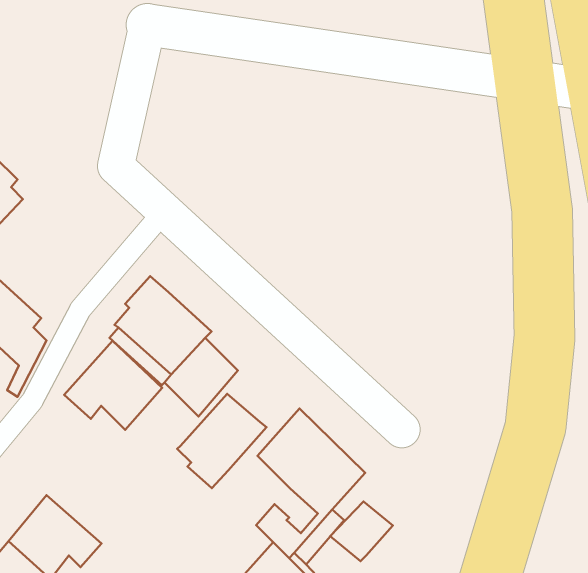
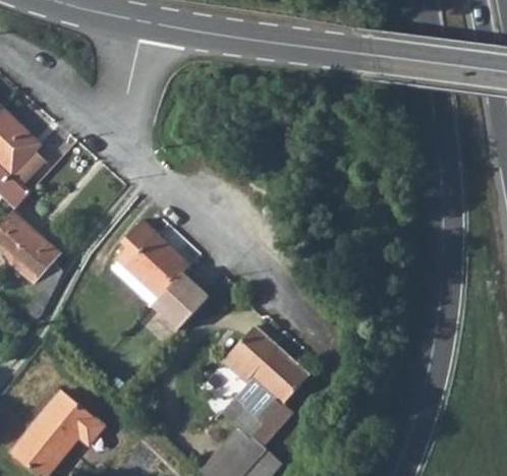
building: [64,341,162,430] -> none
building: [177,394,266,488] -> none
building: [330,502,393,561] -> none

